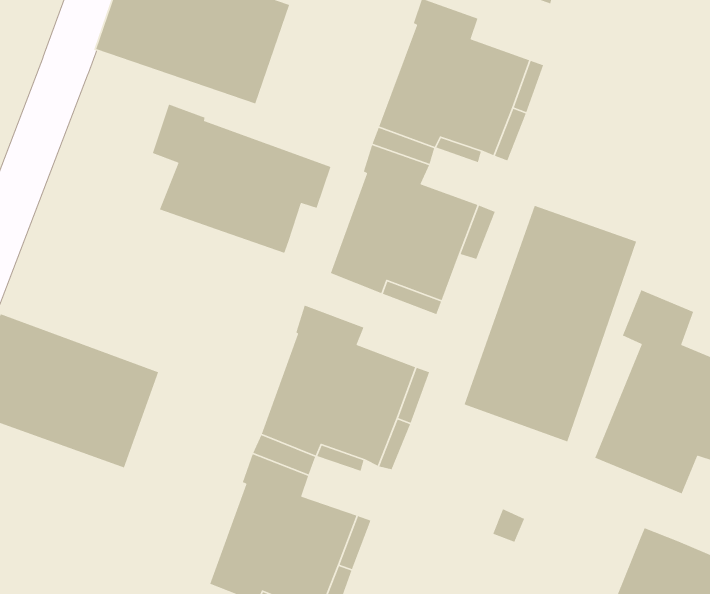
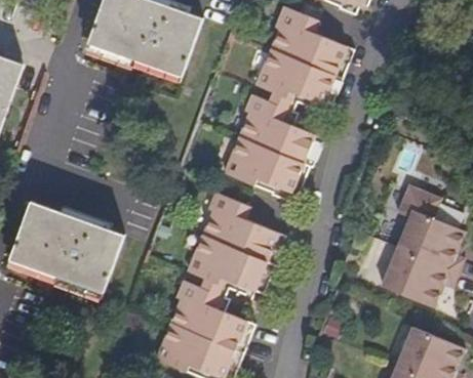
building: [152,103,331,254] -> none
building: [463,205,637,443] -> none

